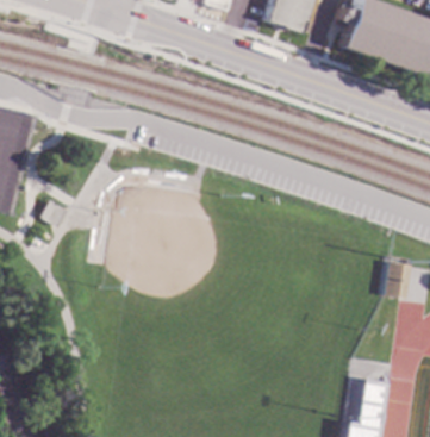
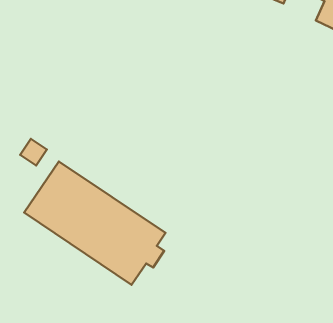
building: none -> [24,161,166,285]

